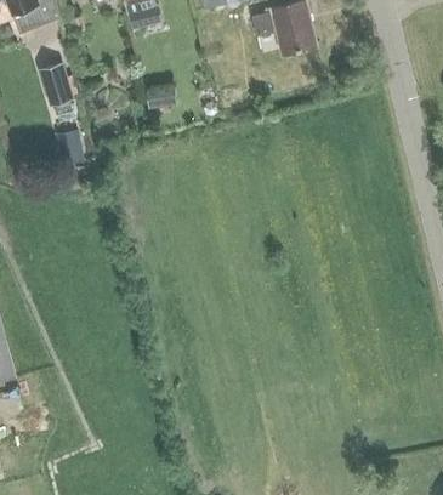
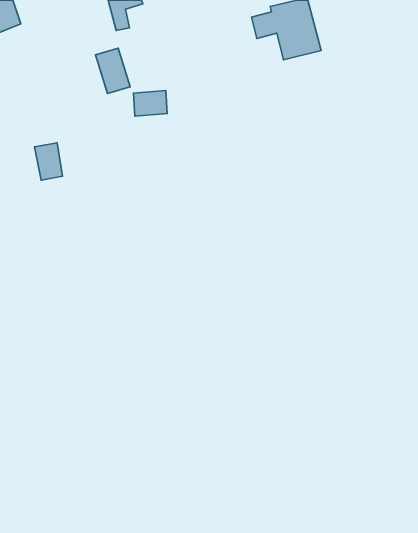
building: [42,63,74,104] -> [95,48,130,94]

